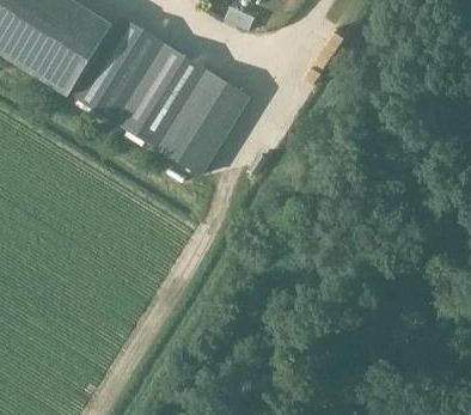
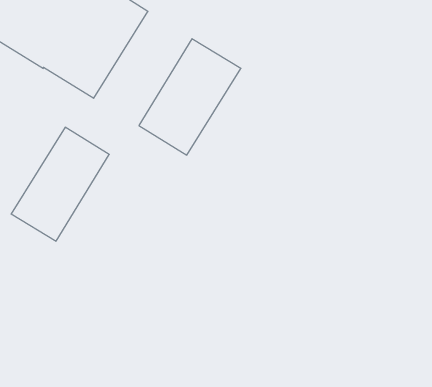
building: [114,43,204,148] -> [11,127,109,241]

